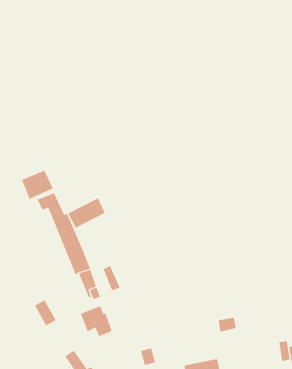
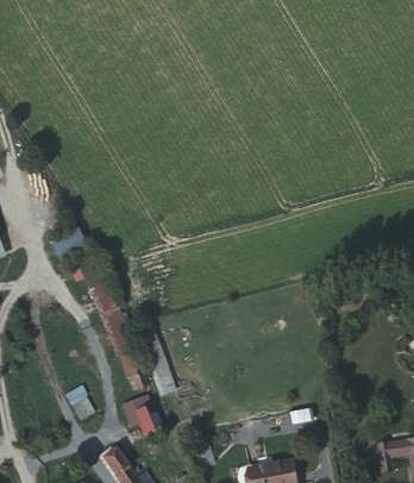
building: [67,197,105,228] -> none

